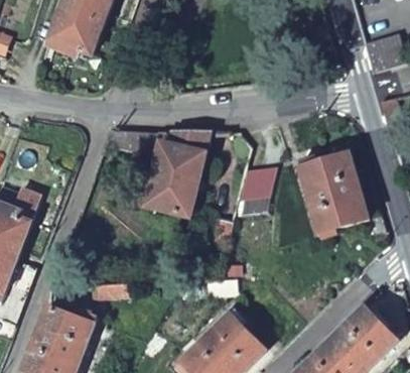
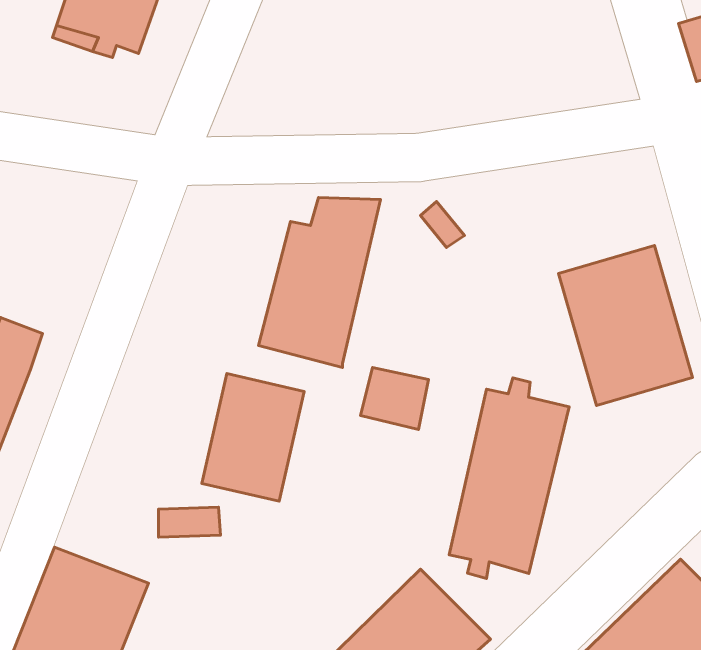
building: [240,171,276,203] -> none
building: none -> [202,374,304,501]
building: none -> [449,378,569,579]

